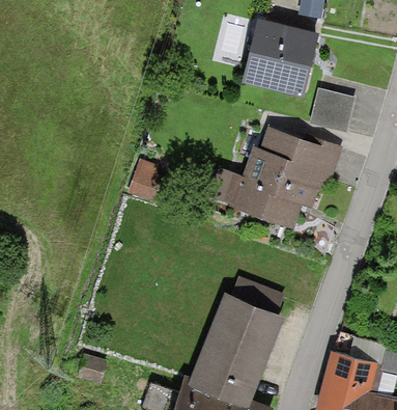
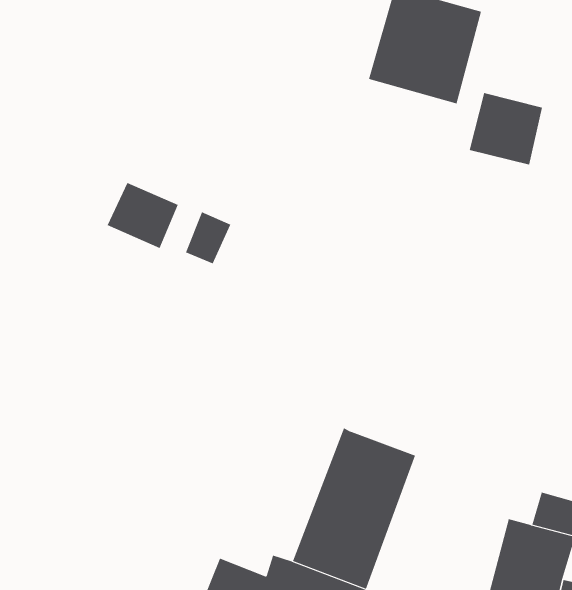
building: [216,134,339,220] -> none
building: none -> [107,182,179,249]
building: [234,279,284,316] -> none

